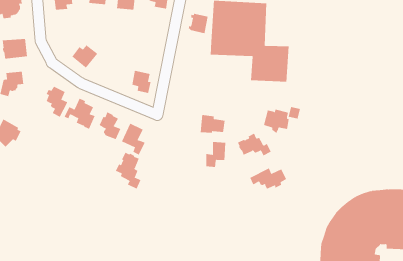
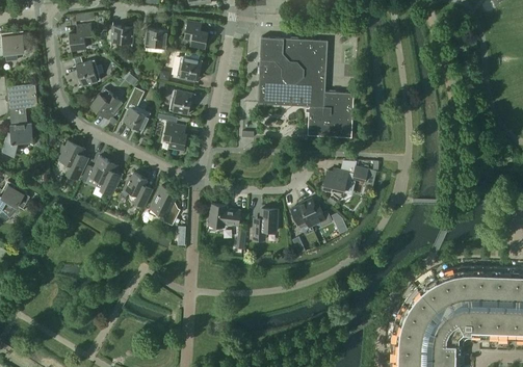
building: [188,13,209,34] -> [175,56,200,81]
building: none -> [76,60,101,86]
building: none -> [123,87,151,131]
building: none -> [169,89,192,114]
building: [200,114,226,133] -> [209,204,240,227]
building: [115,152,141,189] -> none
building: [249,168,287,190] -> none

